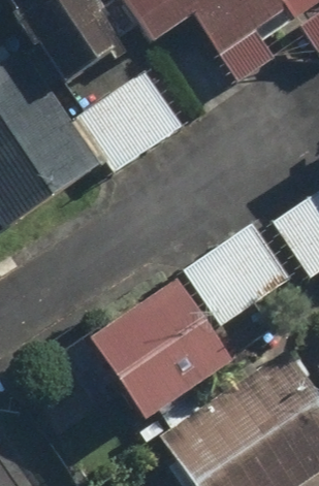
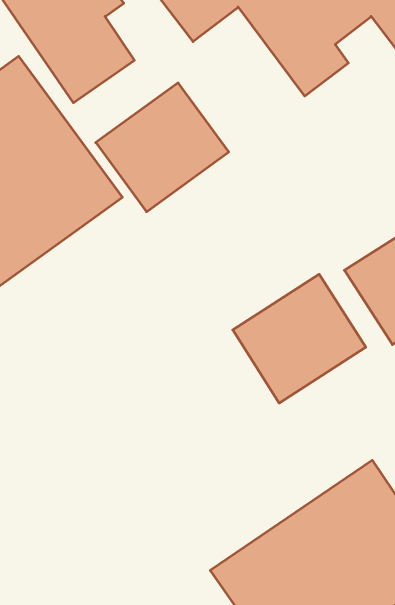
building: [84,283,228,426] -> none

